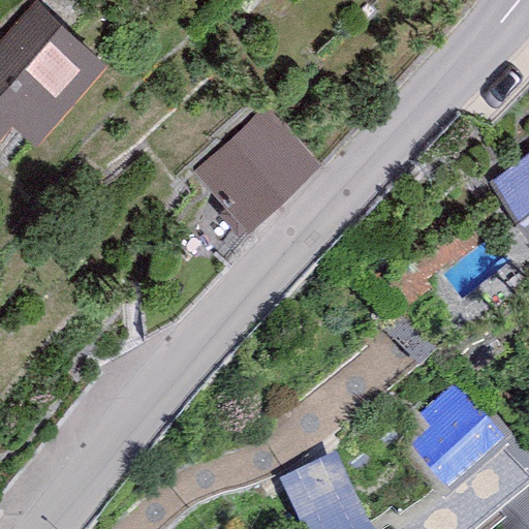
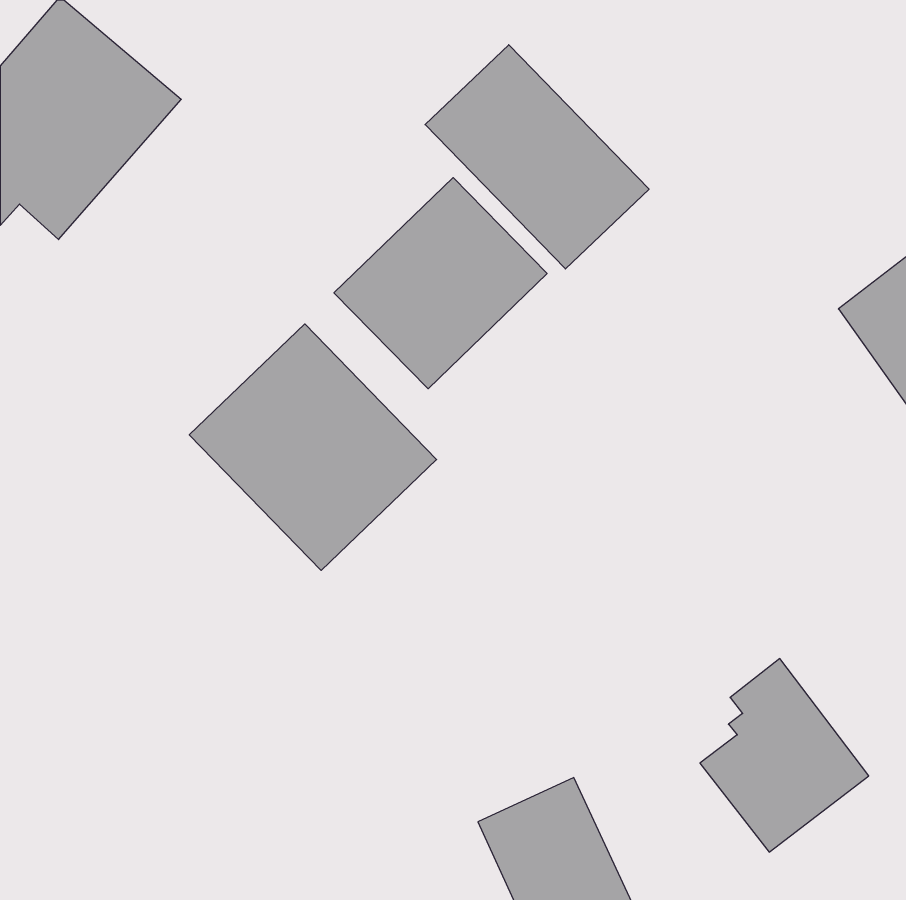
building: none -> [425,45,649,269]
building: none -> [189,324,437,570]

